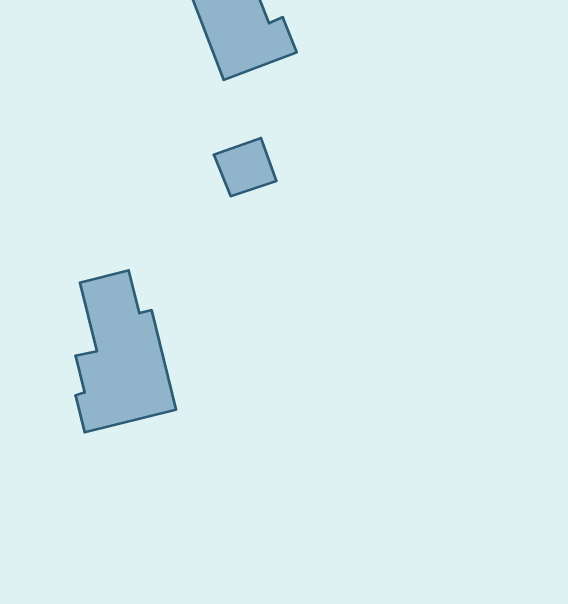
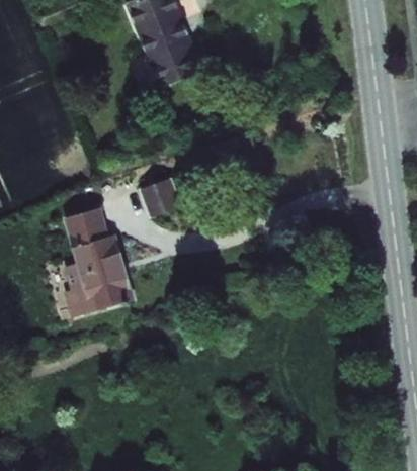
building: [214,138,276,196] -> [140,178,181,216]

